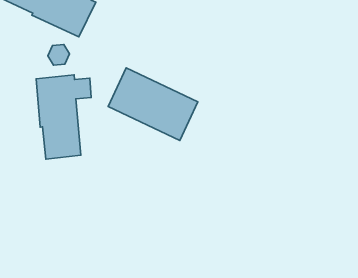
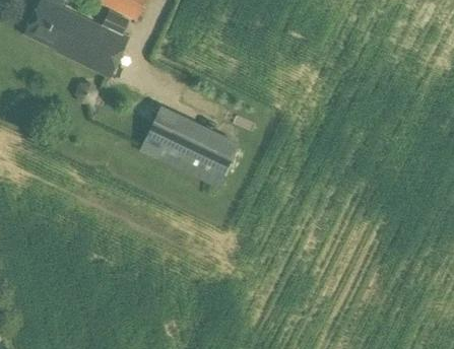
building: [36,75,91,159] -> none

